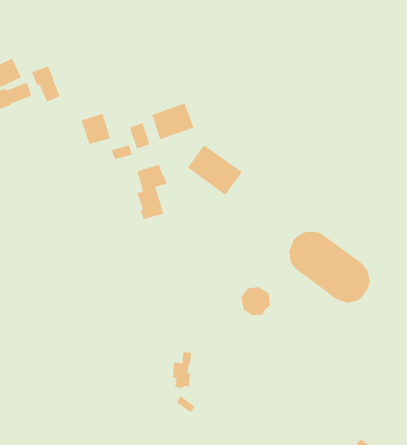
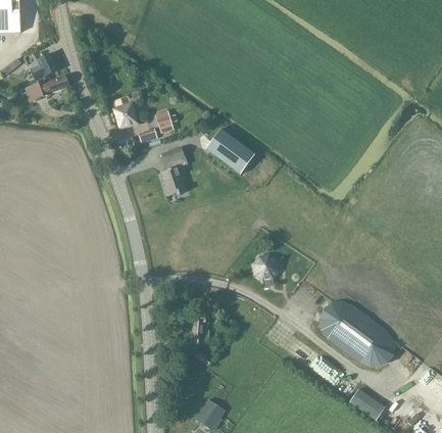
building: [31,65,60,103] -> none
building: [151,103,194,140] -> none
building: [289,231,371,303] -> [321,302,393,366]

